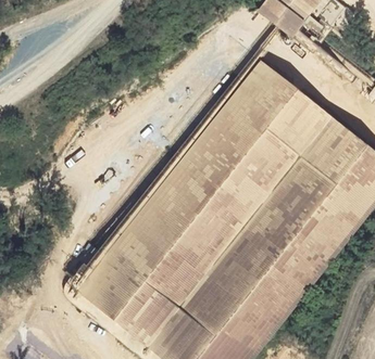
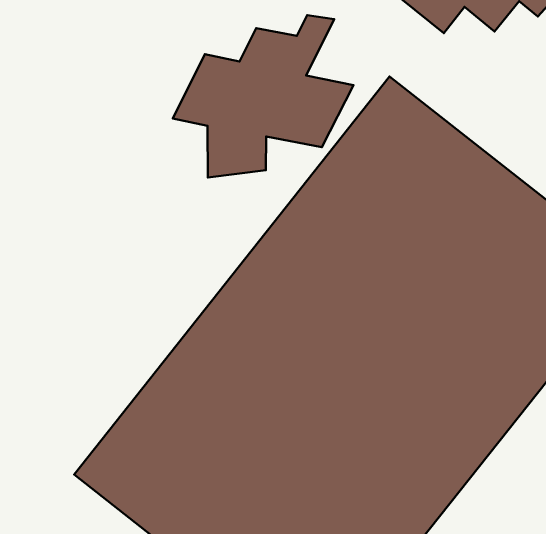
building: none -> [173,15,353,178]

